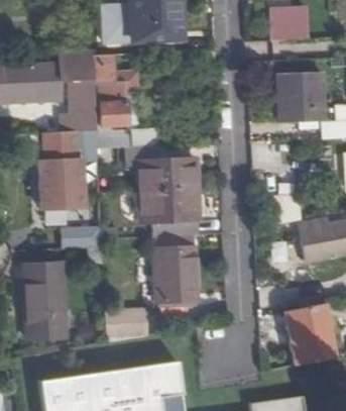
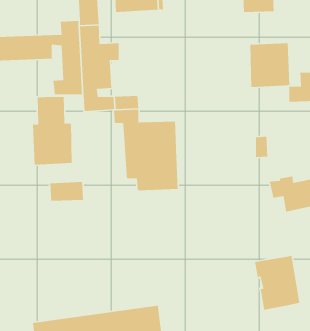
building: [157,246,198,300] -> none
building: [25,265,64,338] -> none
building: [106,309,152,343] -> none

